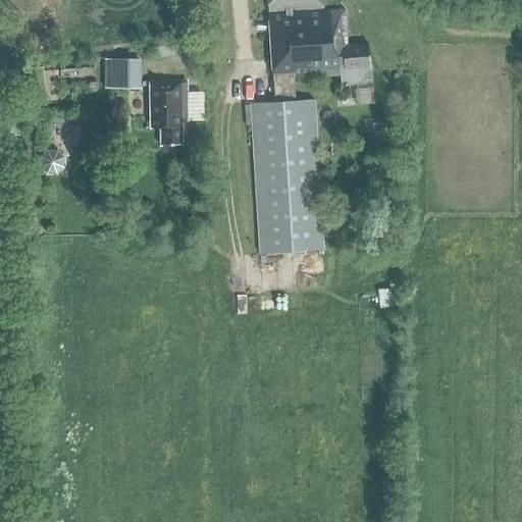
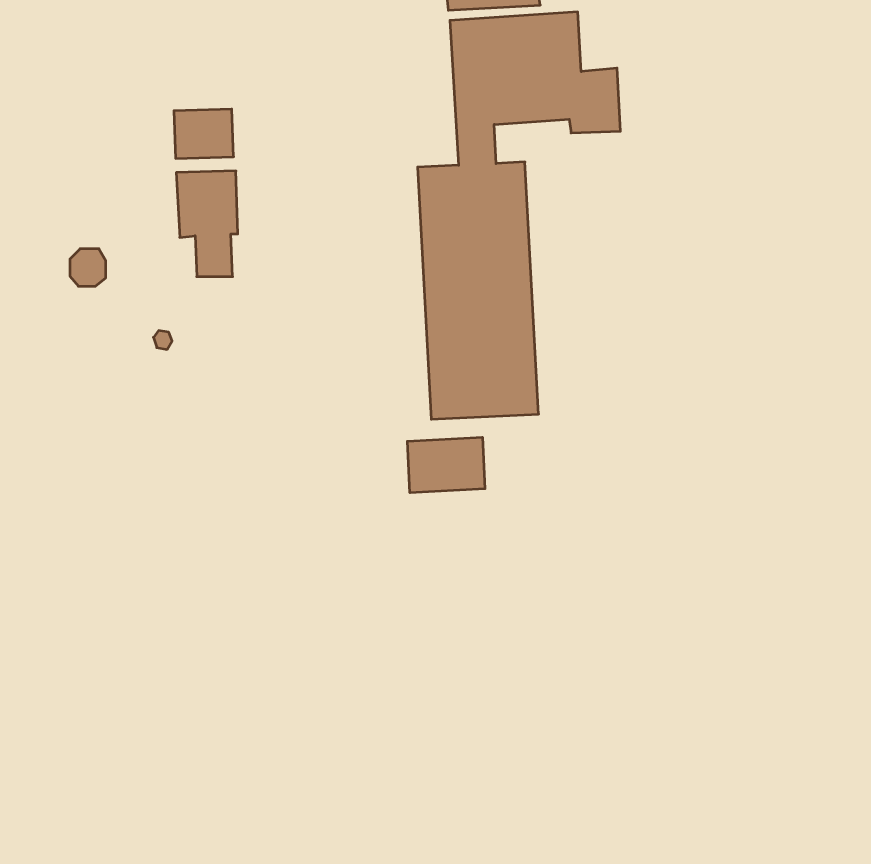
building: [149,81,186,144] -> [176,171,238,277]
building: none -> [407,437,485,493]

